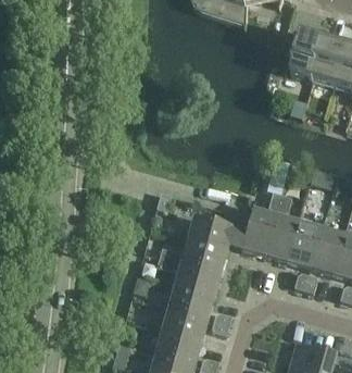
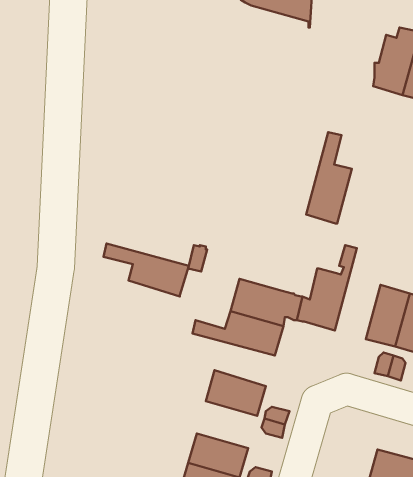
building: [265,192,299,260] -> [306,132,352,223]
building: [158,256,221,295] -> [104,244,189,297]
building: [163,306,208,340] -> none

